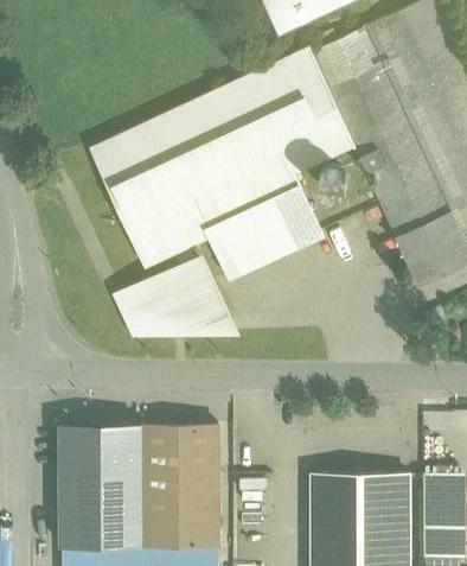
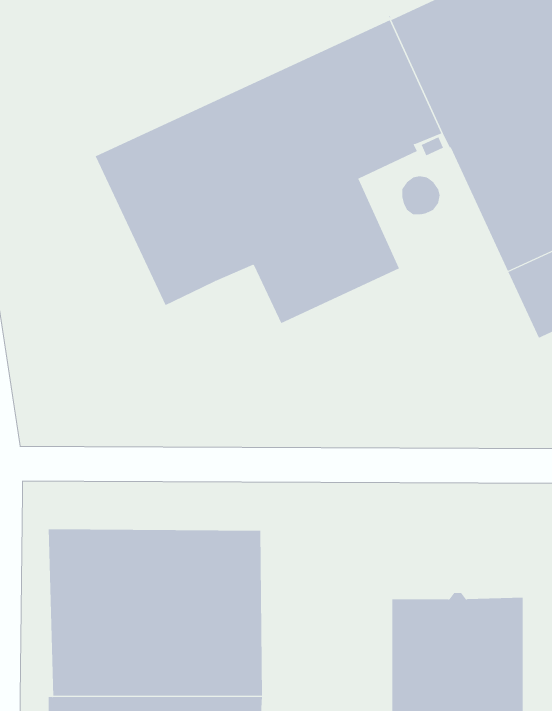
building: [121,244,230,331] -> none

